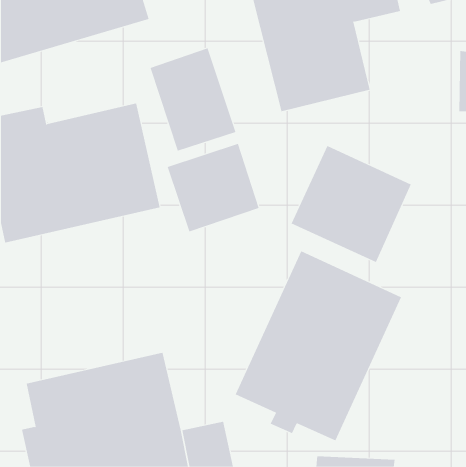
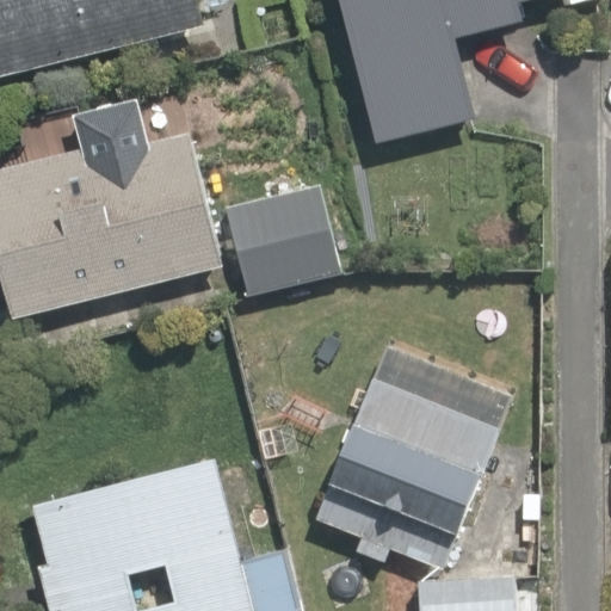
building: [150,47,236,152] -> none
building: [291,145,411,263] -> none

